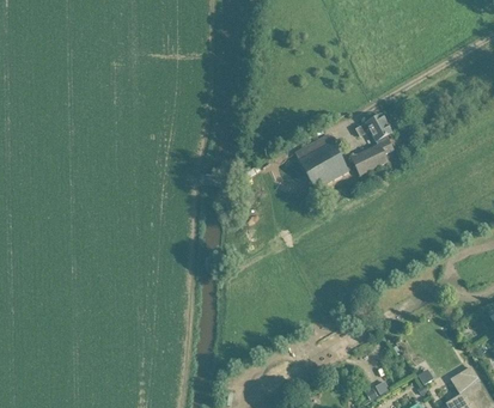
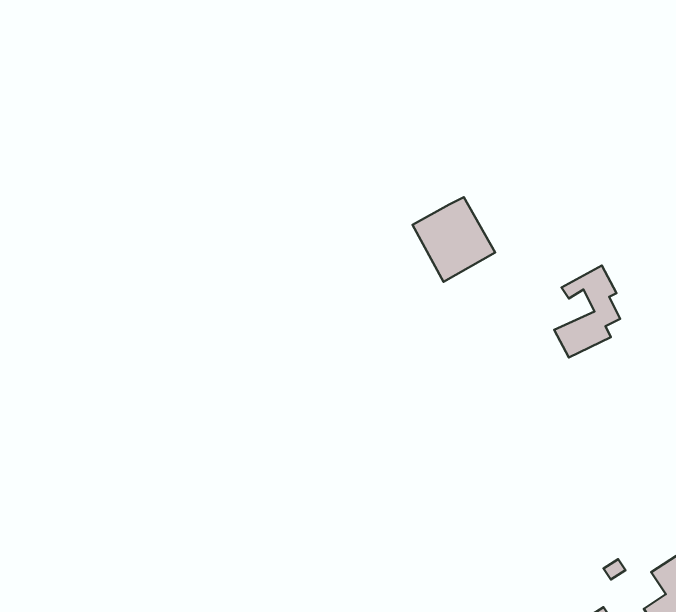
building: [350,114,394,173] -> [554,265,620,357]

